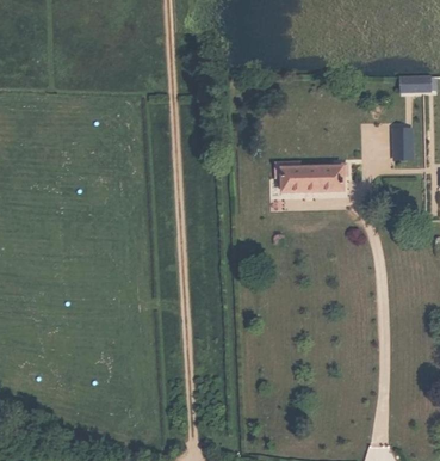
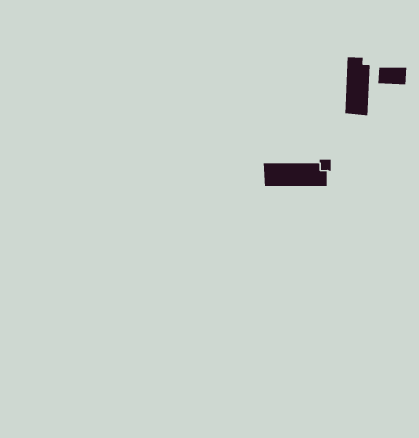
building: none -> [345,57,370,116]

